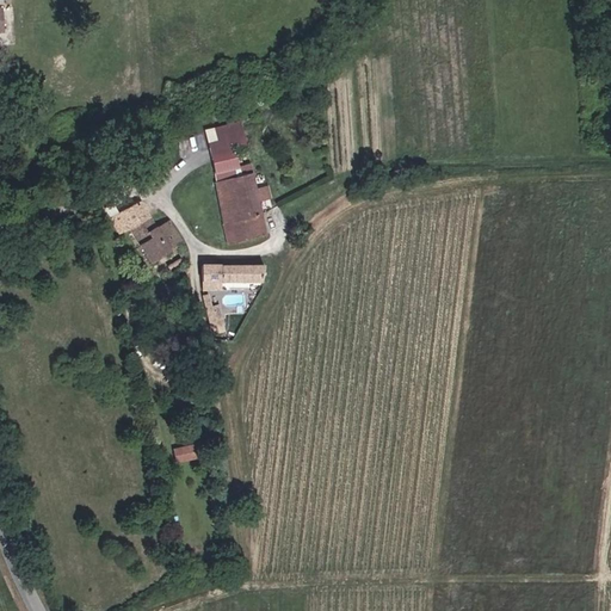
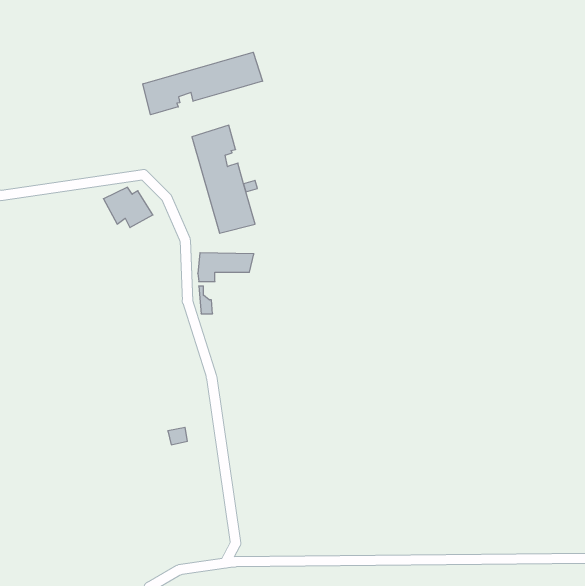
building: none -> [143,52,263,115]
building: [137,221,180,265] -> none

